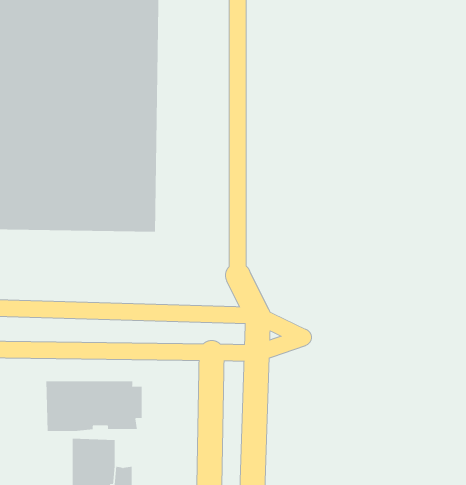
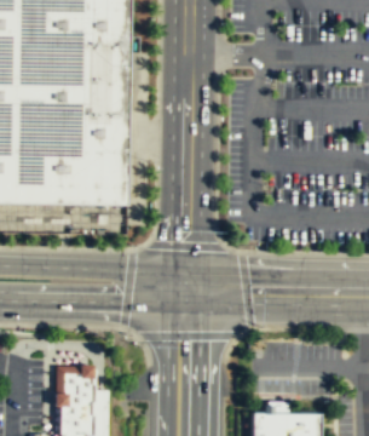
building: [46,380,142,432] -> none

